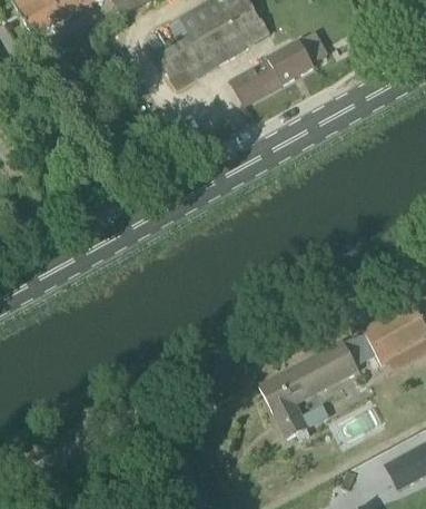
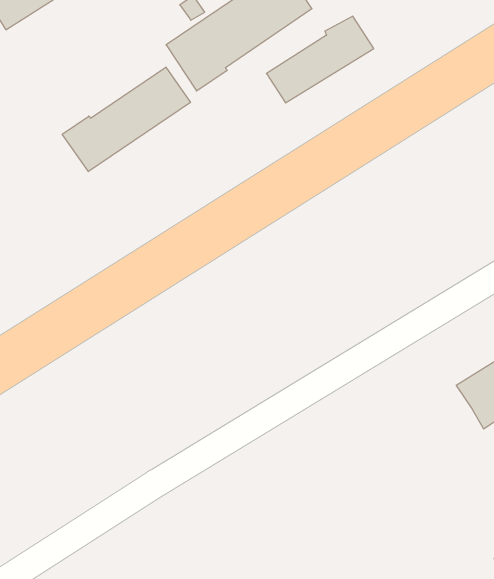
building: none -> [62,67,190,172]
building: [258,340,357,439] -> none

